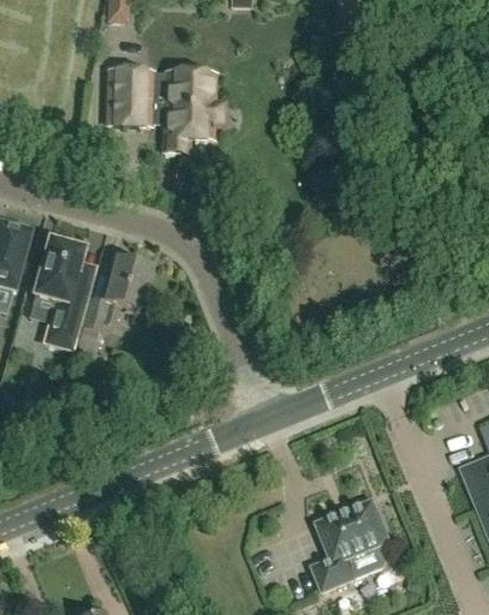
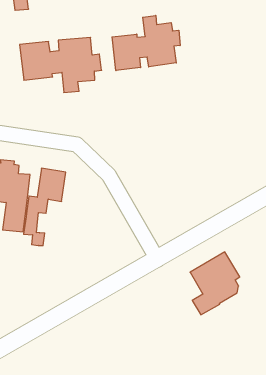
building: none -> [112,15,180,71]
building: [311,498,386,586] -> [190,252,240,315]

